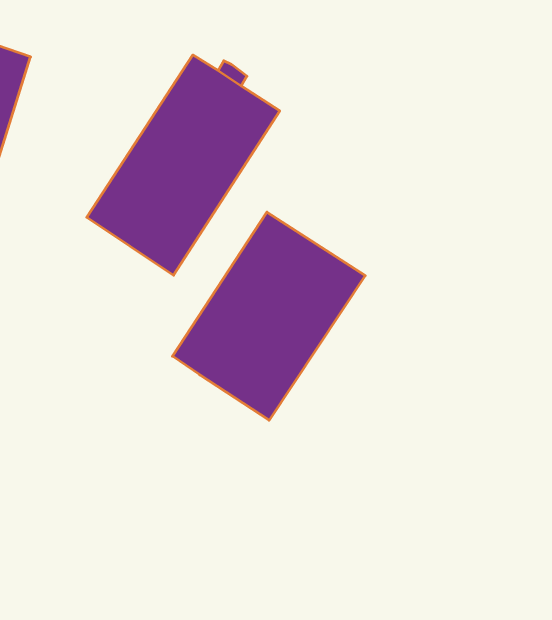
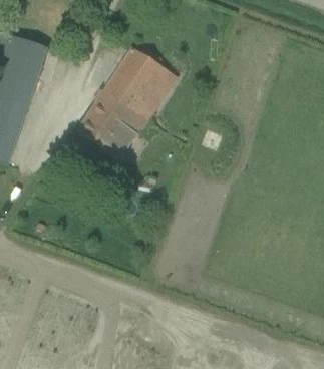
building: [172,212,365,420] -> none

